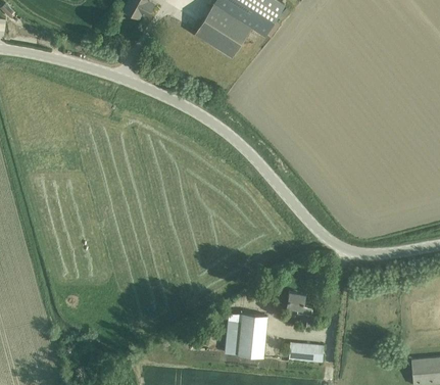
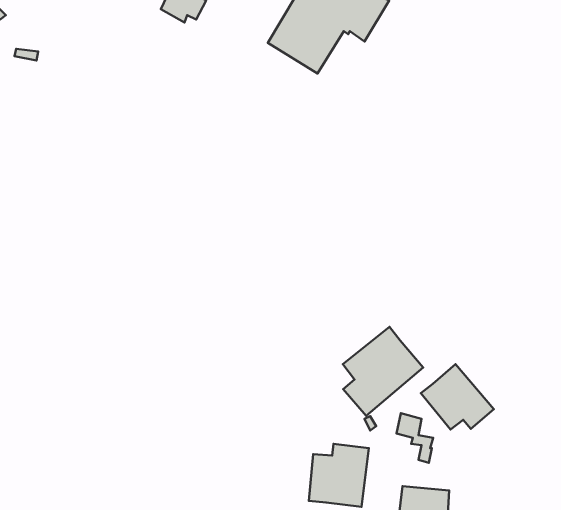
building: none -> [343,327,423,416]
building: none -> [421,364,494,430]

